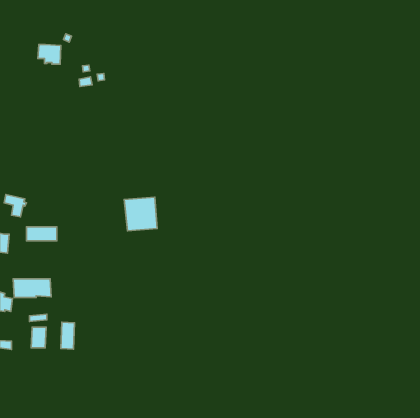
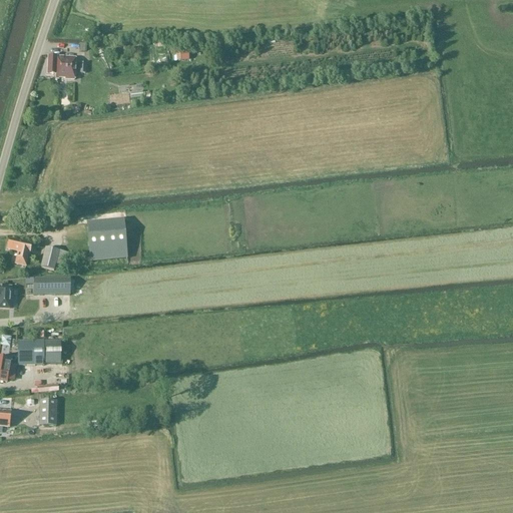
building: [124,197,157,231] -> [86,217,126,259]
building: none -> [39,244,67,269]
building: [61,322,75,349] -> none

